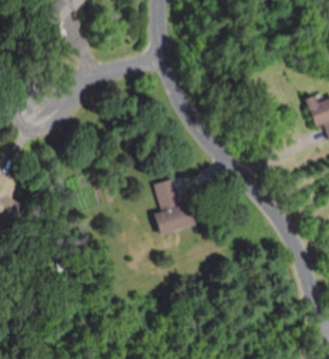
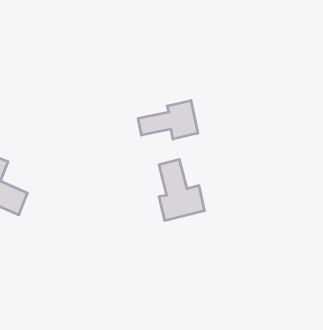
building: none -> [138,100,198,139]

